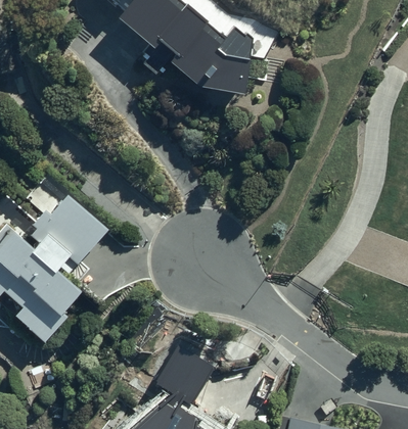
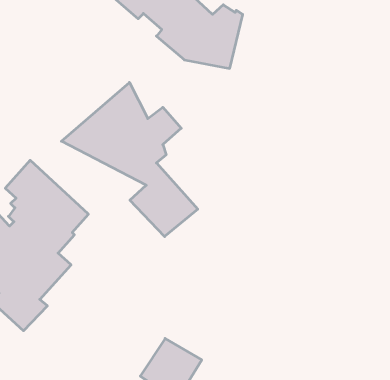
building: none -> [61,82,198,237]

